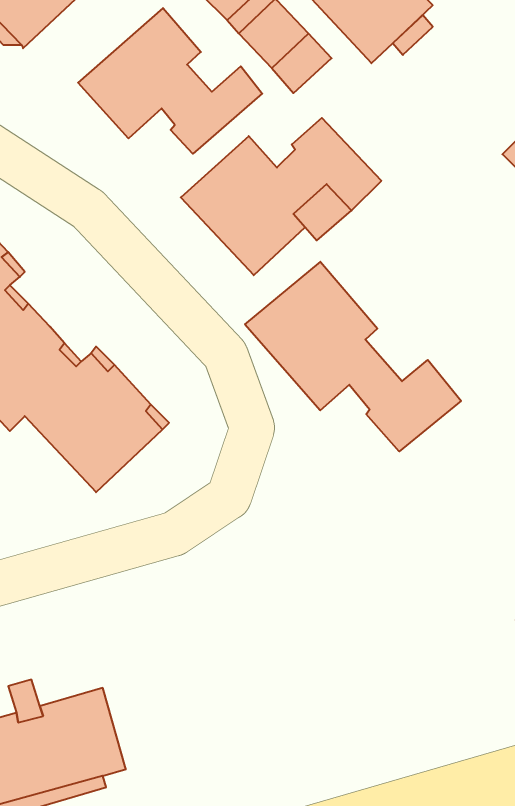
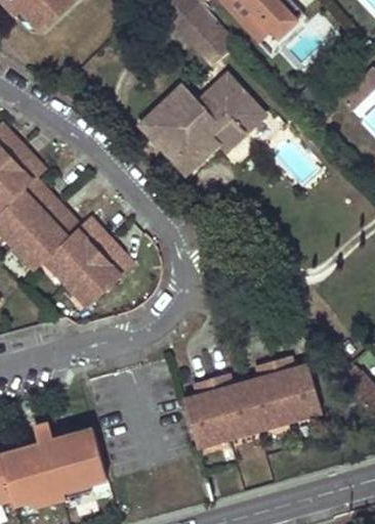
building: [78,8,262,154] -> none
building: [245,262,461,451] -> none
building: none -> [183,355,322,445]

